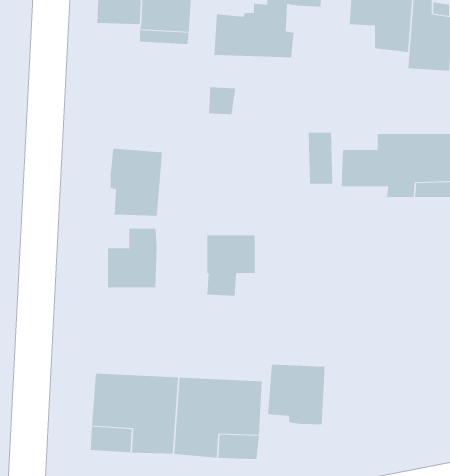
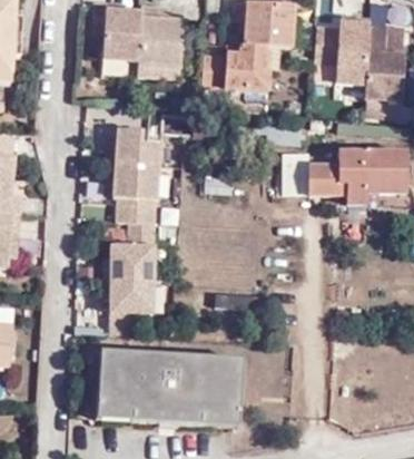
building: none -> [117,129,160,166]
building: [206,235,256,296] -> [112,280,154,331]
building: [267,364,325,425] -> none

